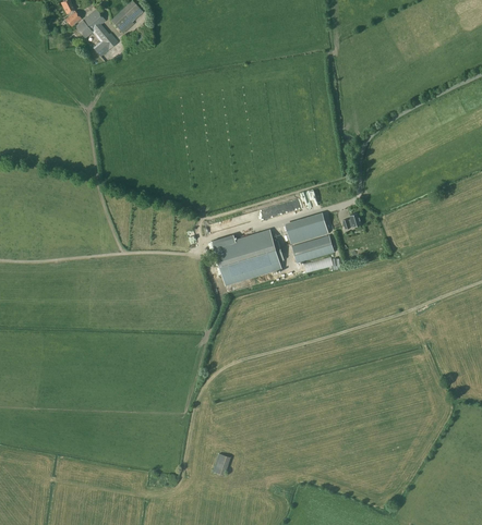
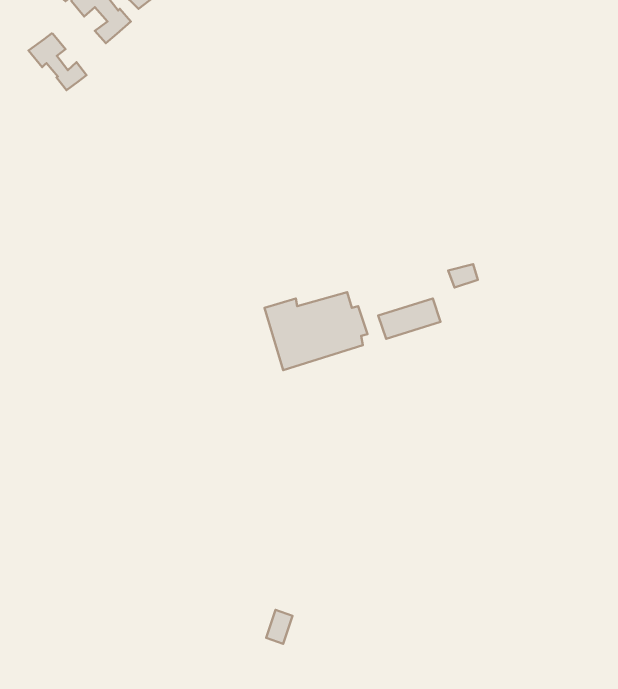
building: none -> [28,34,87,90]
building: [285,215,328,244] -> none

